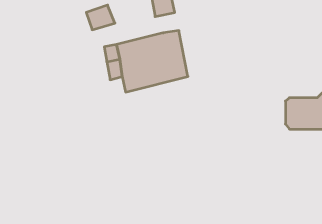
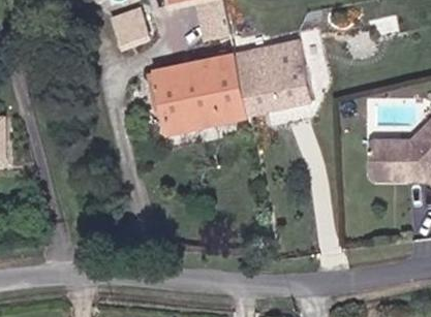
building: none -> [234,35,322,110]

